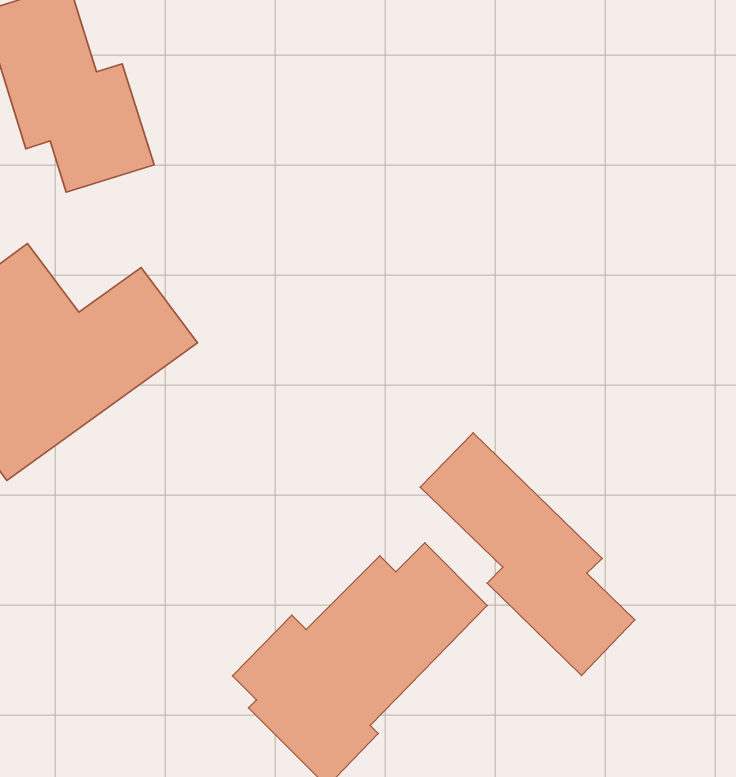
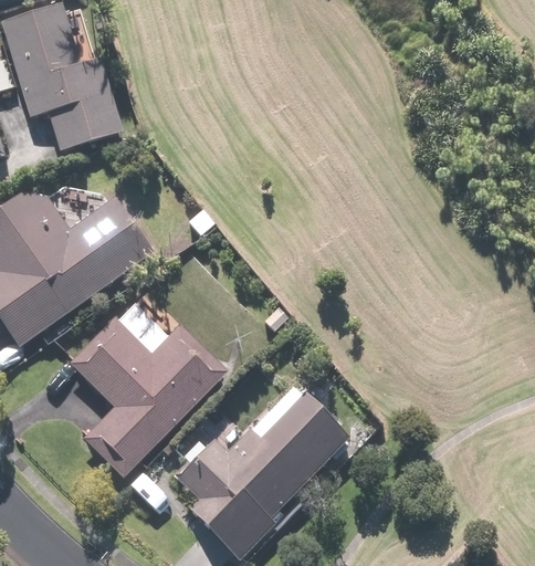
building: [420,433,635,675] -> none
building: none -> [69,316,229,478]

